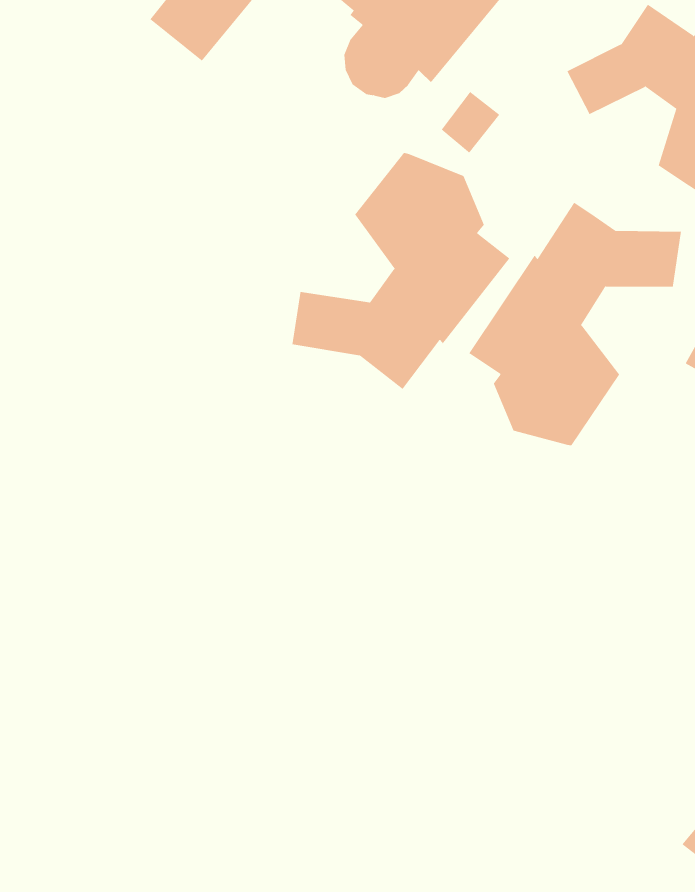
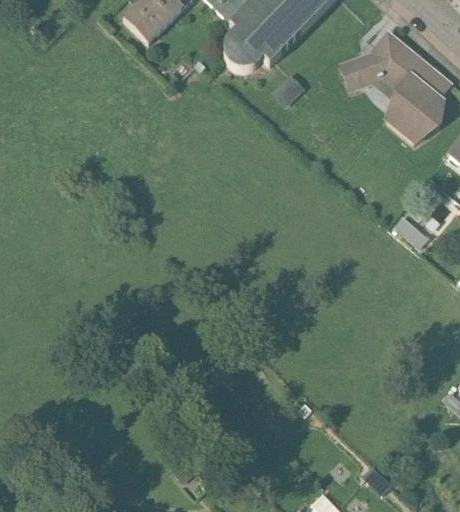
building: [292,152,510,390] -> none
building: [469,202,682,446] -> none

